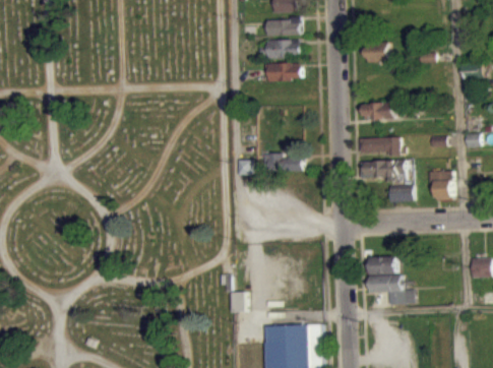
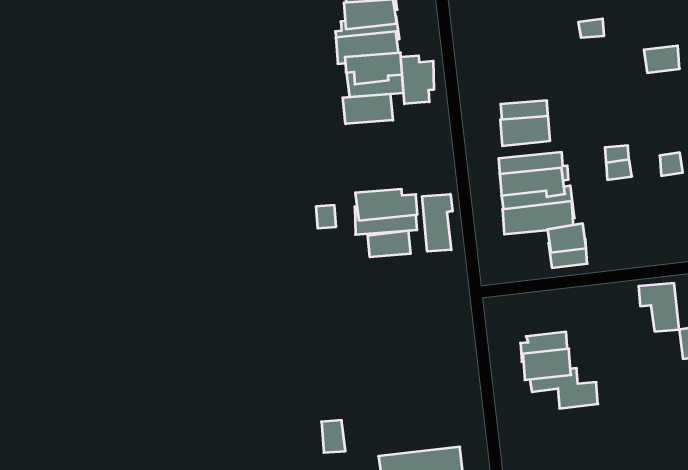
building: [365,43,388,60] -> none
building: none -> [401,56,434,104]
building: none -> [343,94,393,124]
building: none -> [422,194,452,251]
building: [427,169,451,199] -> [639,283,679,331]
building: none -> [368,231,410,257]

